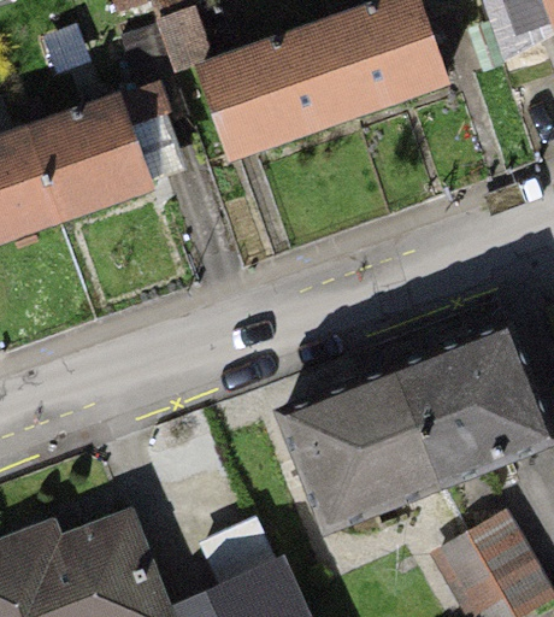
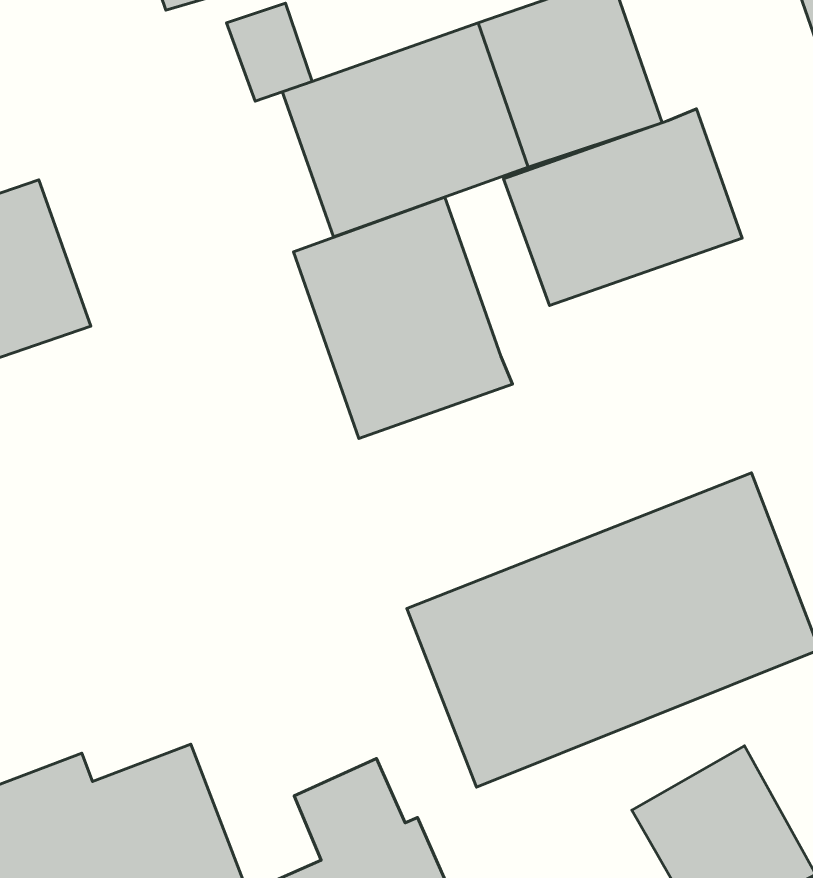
building: none -> [503,109,742,306]
building: [29,81,170,224] -> none
building: none -> [294,197,513,439]

